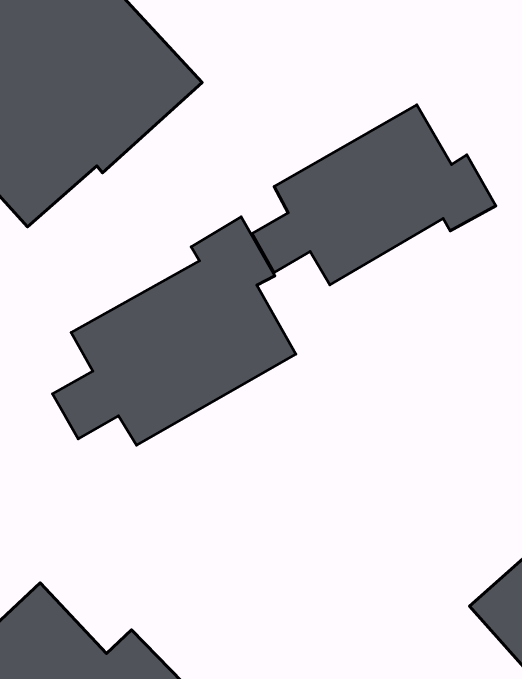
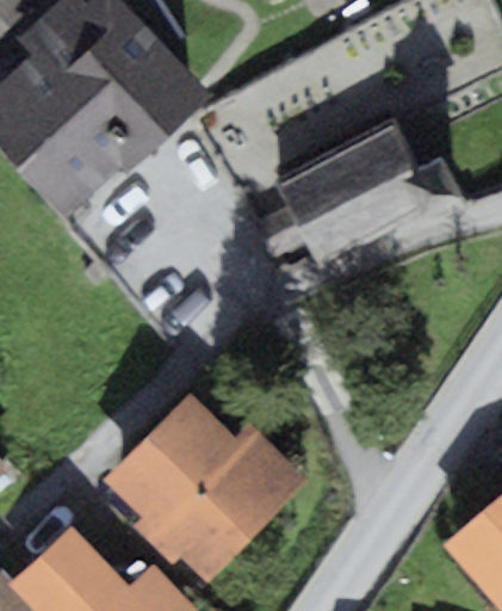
building: [53,217,296,445] -> none
building: none -> [104,391,305,582]

